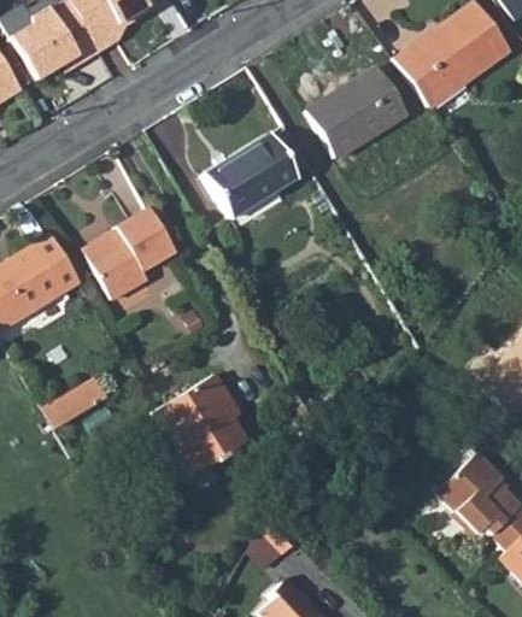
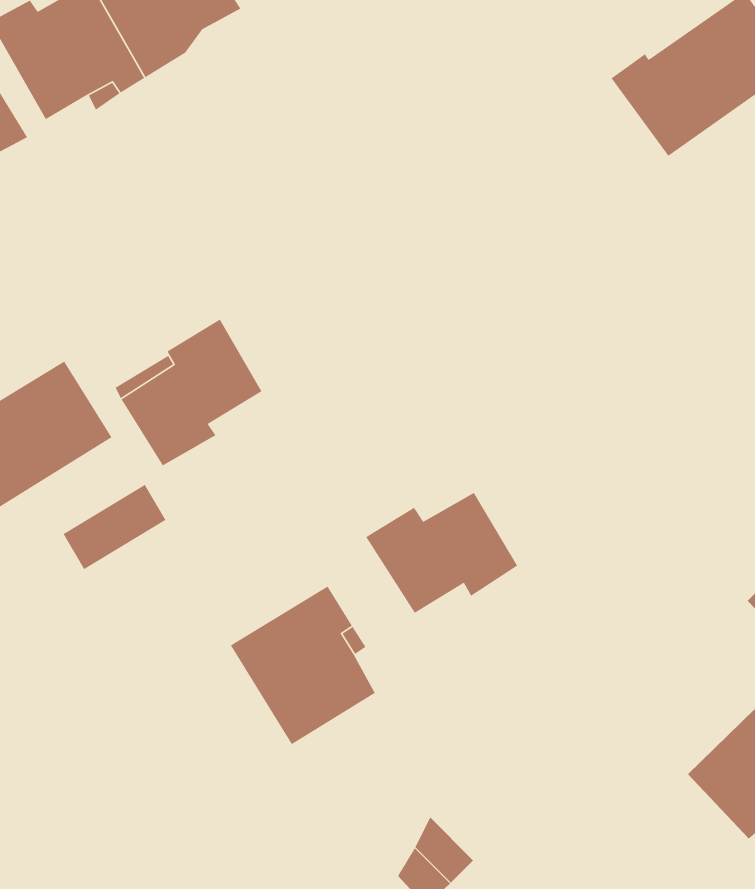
building: [309,65,409,155] -> none
building: [203,130,298,216] -> none
building: none -> [365,492,518,614]
building: [42,374,107,428] -> [63,484,166,570]

